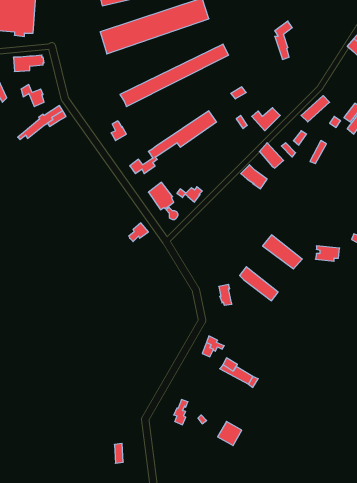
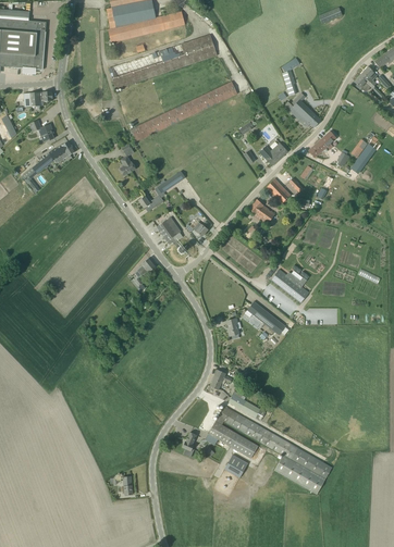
building: none -> [284,92,321,127]
building: none -> [205,406,332,494]

